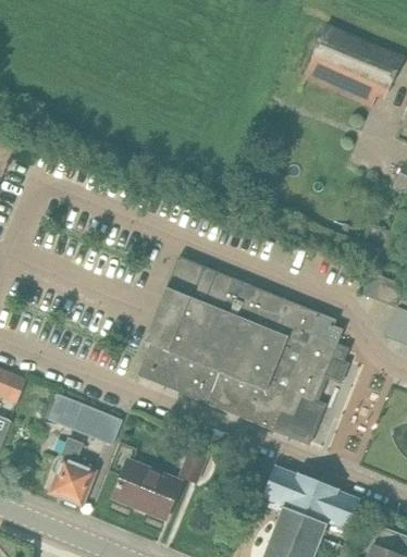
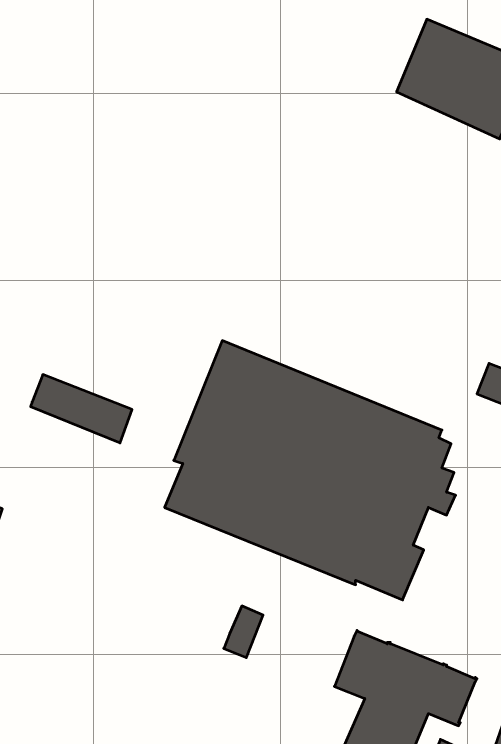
building: [49,395,122,444] -> [31,375,132,443]
building: [49,437,97,506] -> none
building: [113,459,181,519] -> none

